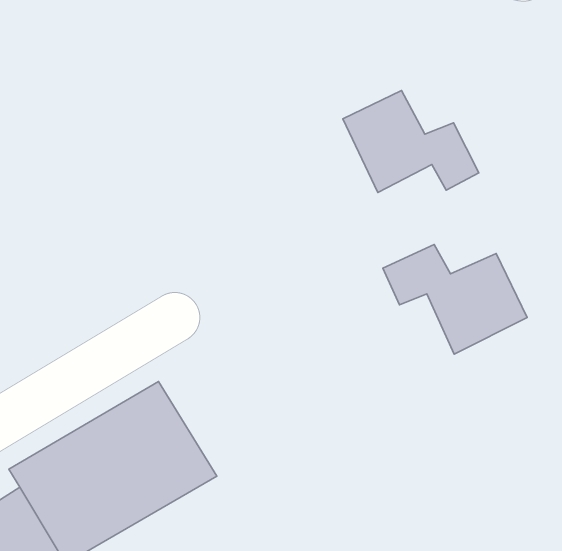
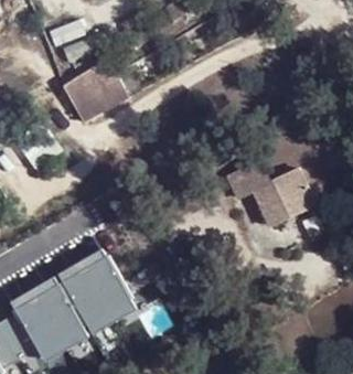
building: none -> [61,64,129,129]
building: [343,90,479,193] -> none

